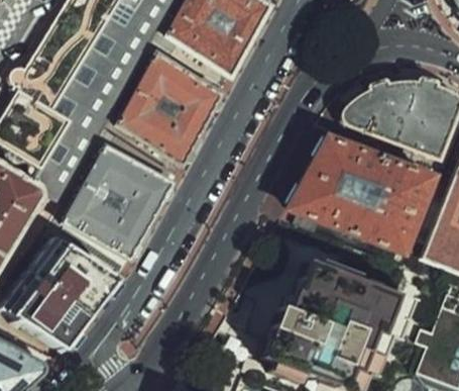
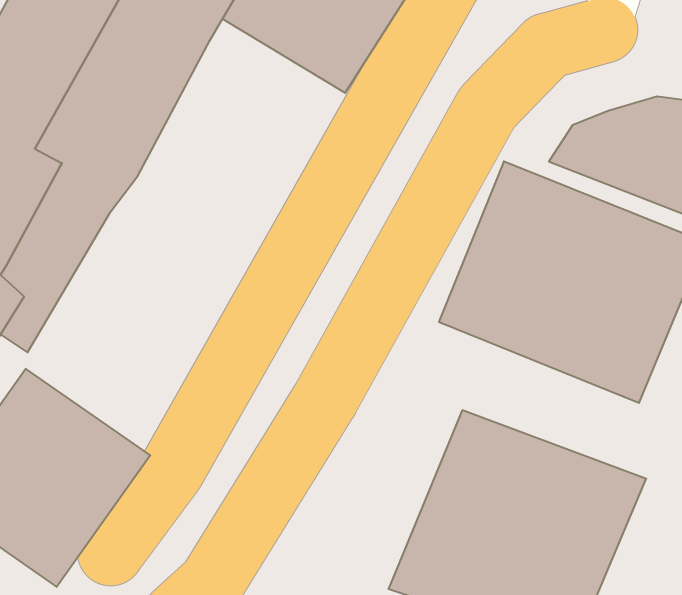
building: [117,48,228,164] -> none
building: [55,144,171,264] -> none

